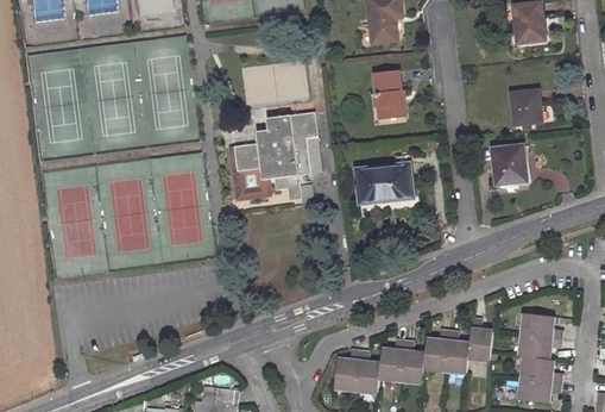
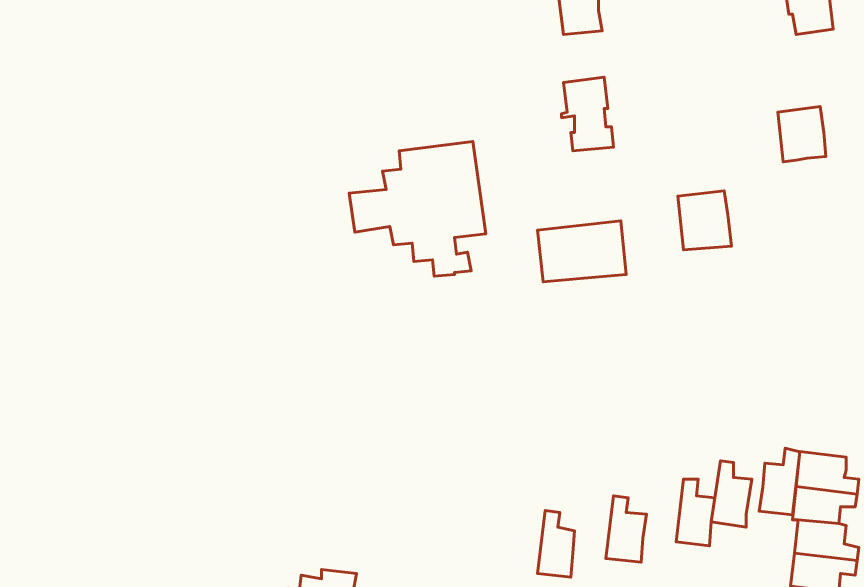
building: [227,144,267,198] -> none
building: [491,144,525,182] -> [678,191,731,250]
building: [422,326,448,369] -> [759,448,800,515]
building: [377,338,403,380] -> none
building: [333,349,359,389] -> none

